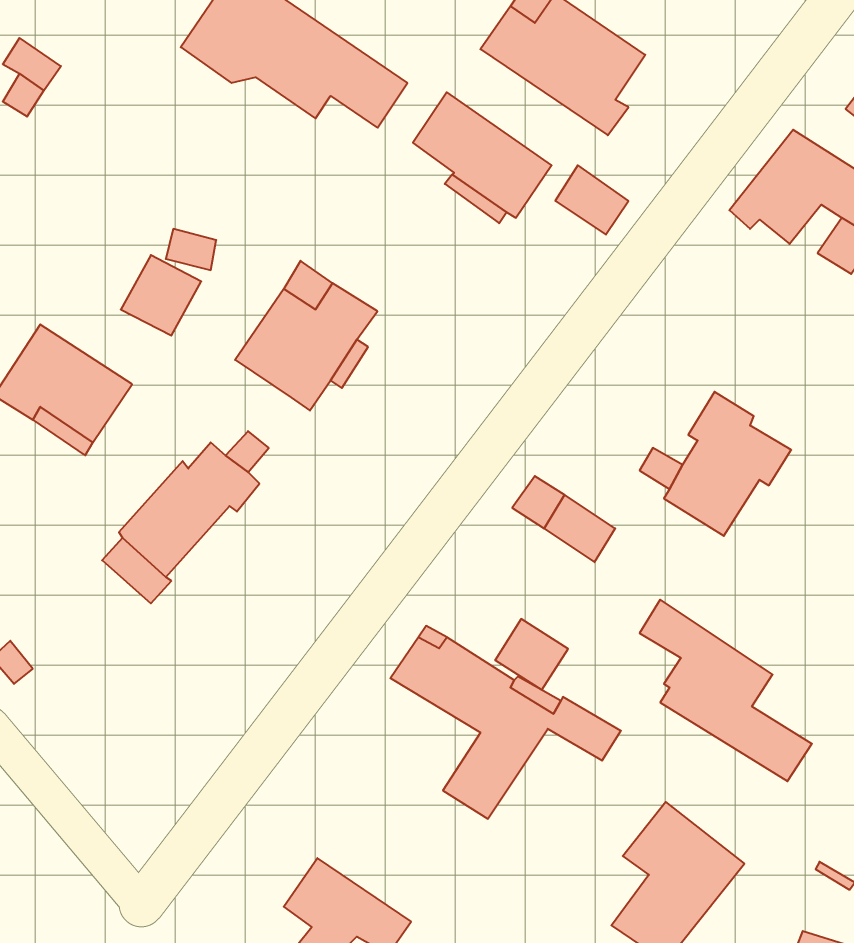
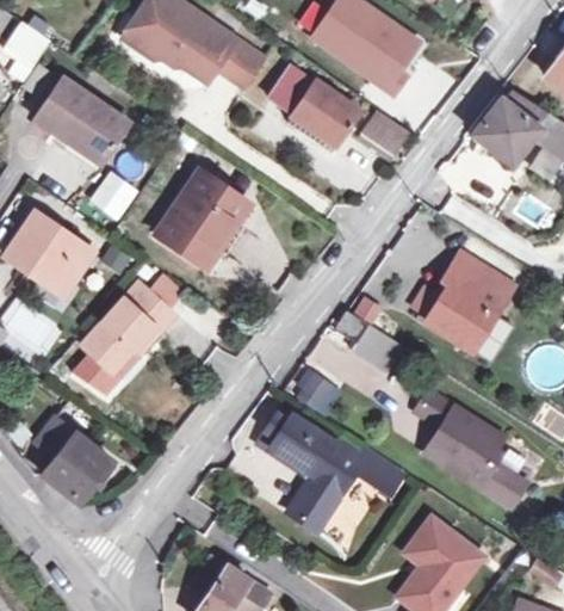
building: none -> [35,79,129,165]
building: [495,619,568,690] -> [291,366,337,412]
building: none -> [36,418,113,505]

